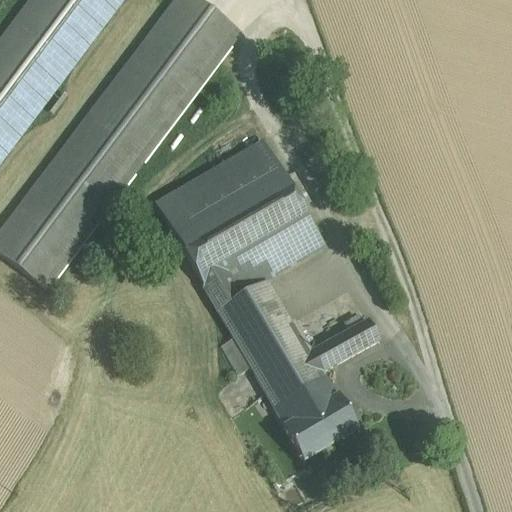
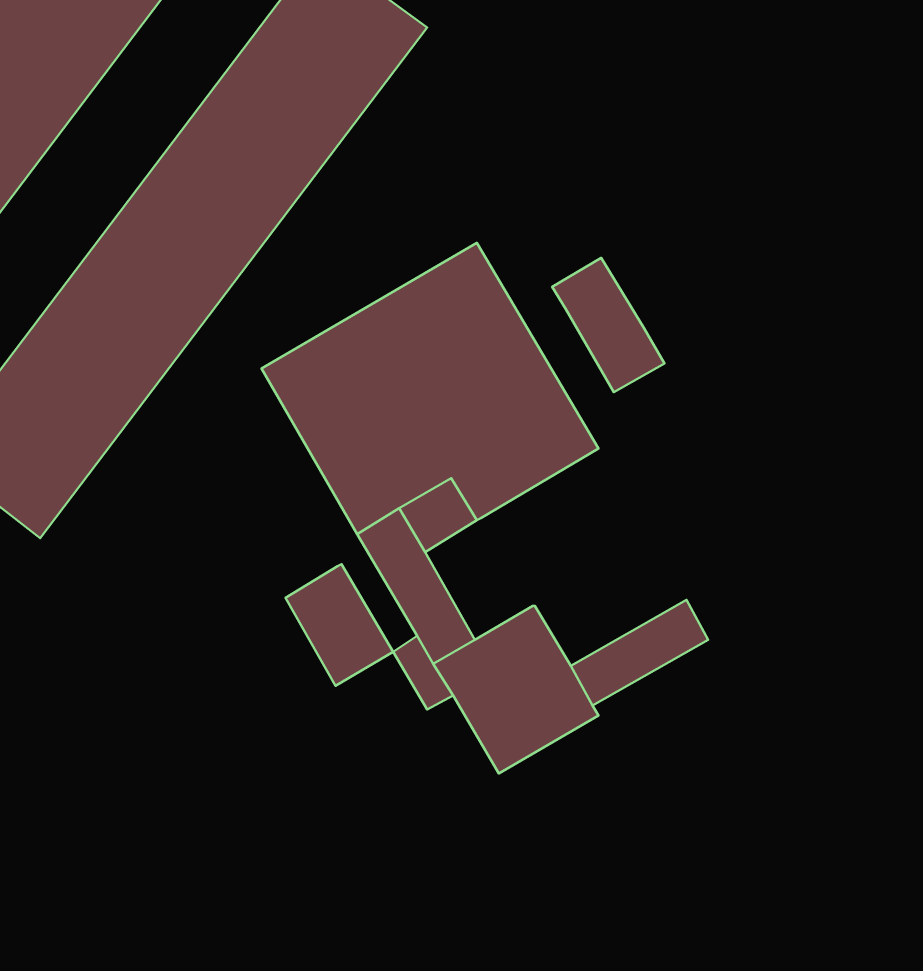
building: none -> [552,258,664,392]
building: [237,276,291,337] -> [285,564,393,686]
building: [274,375,358,460] -> none

